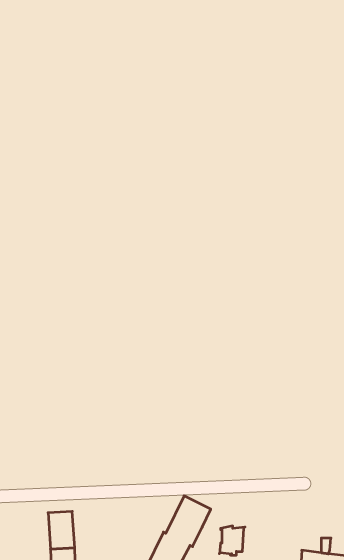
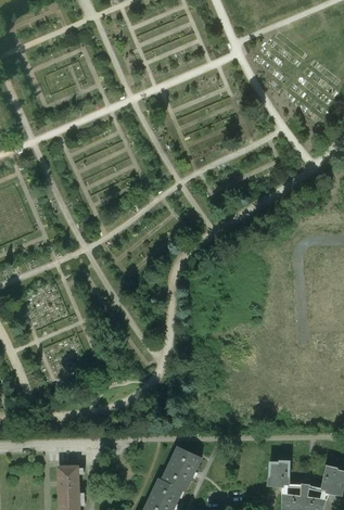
building: [219,526,245,555] -> [267,461,290,487]

